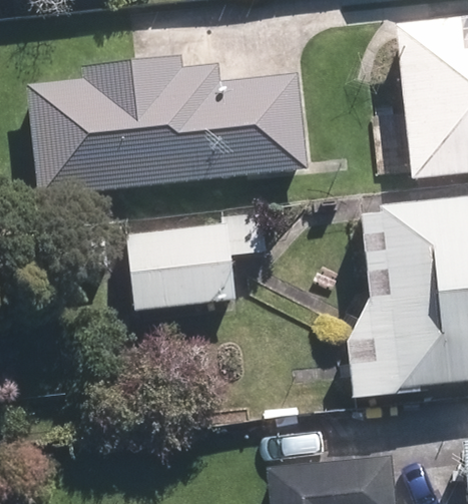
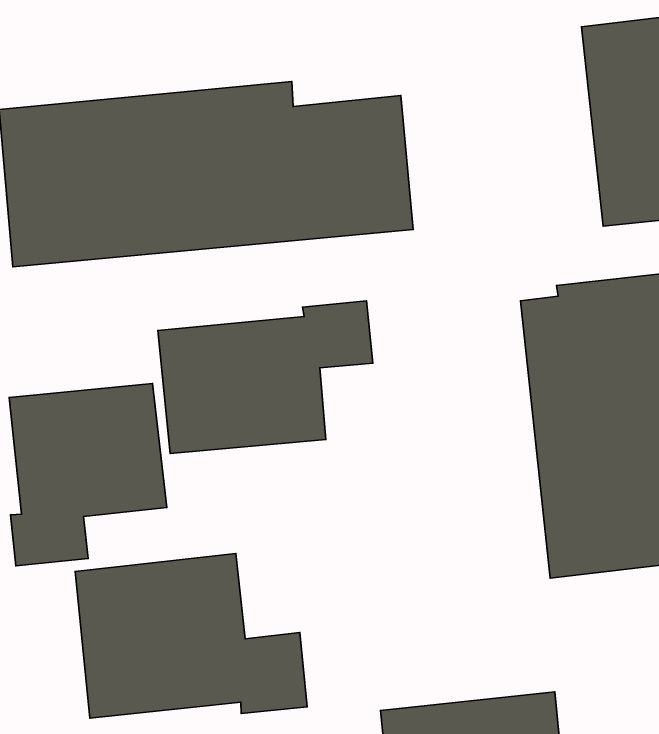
building: none -> [9,383,167,566]
building: none -> [75,554,307,718]

